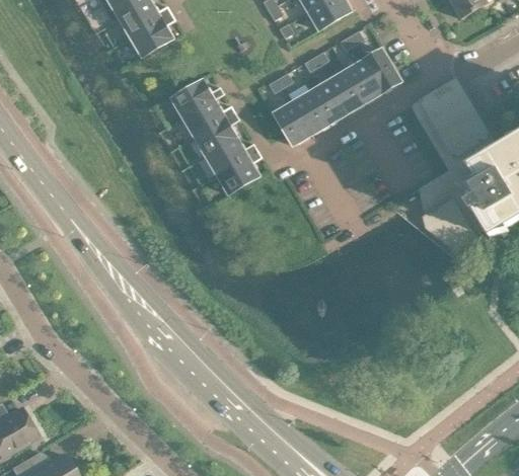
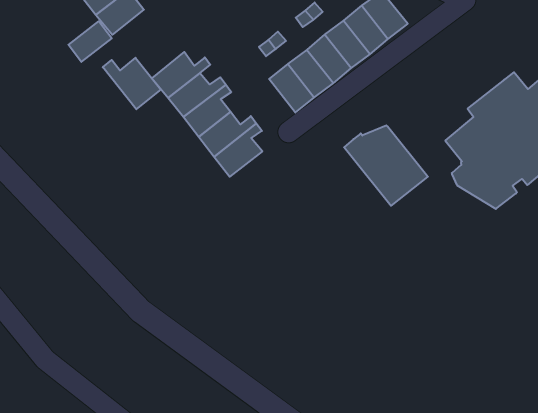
building: none -> [68,21,112,62]
building: none -> [103,58,161,109]
building: [410,91,479,162] -> [344,125,428,206]

